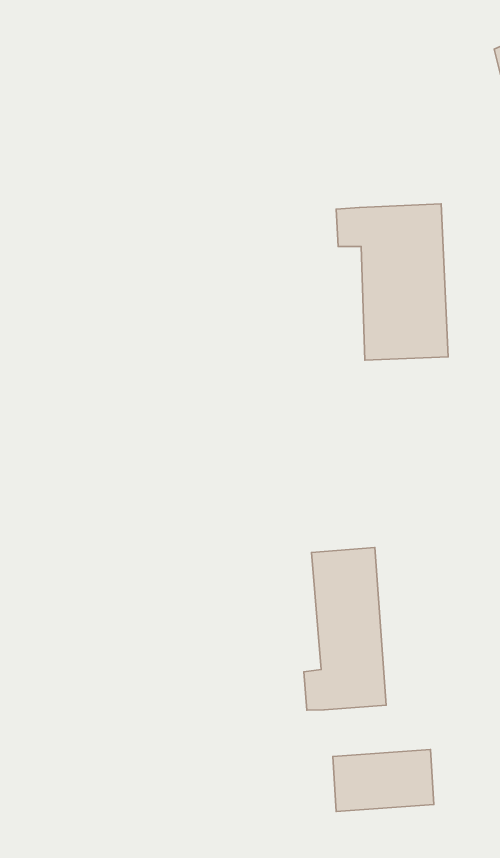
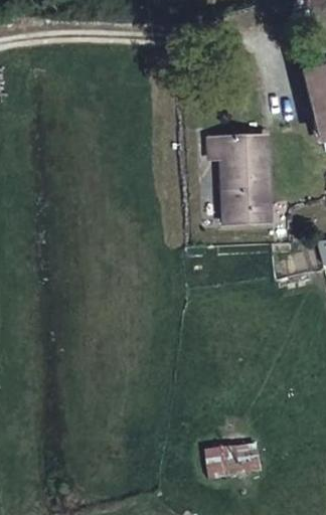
building: [304,548,386,710] -> none

